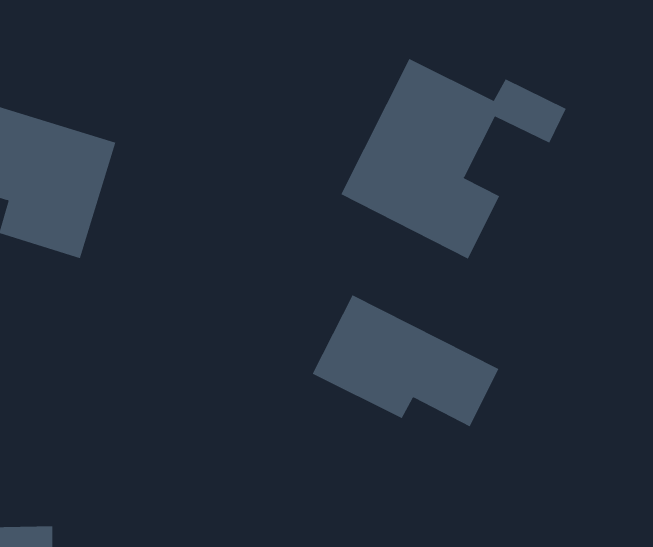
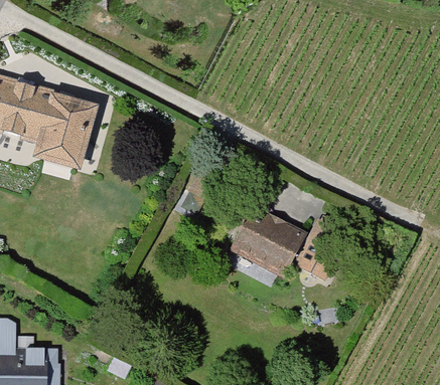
building: [340,58,566,259] -> none

